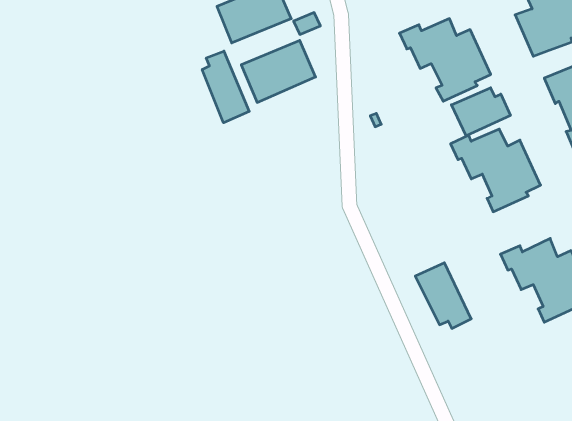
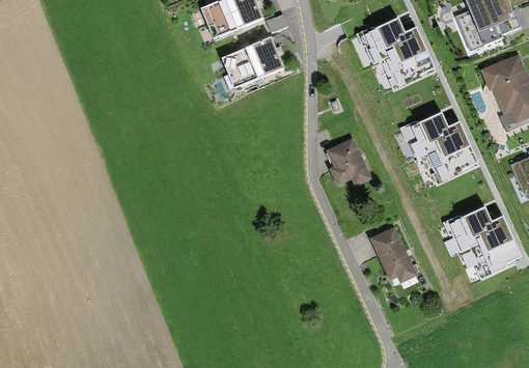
building: [202,51,249,123] -> none
building: [451,88,510,136] -> none
building: none -> [326,137,372,186]

